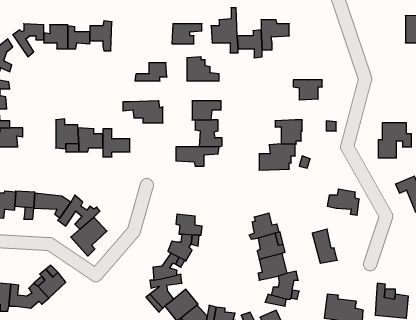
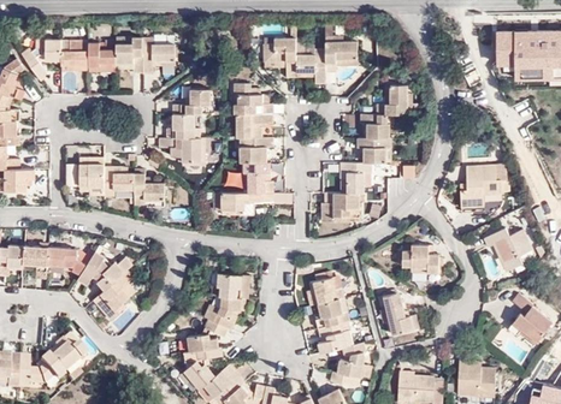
building: none -> [141,42,172,77]
building: [172,24,202,44] -> [235,113,271,137]
building: none -> [377,82,411,112]
building: none -> [164,113,197,138]
building: none -> [356,135,390,160]

